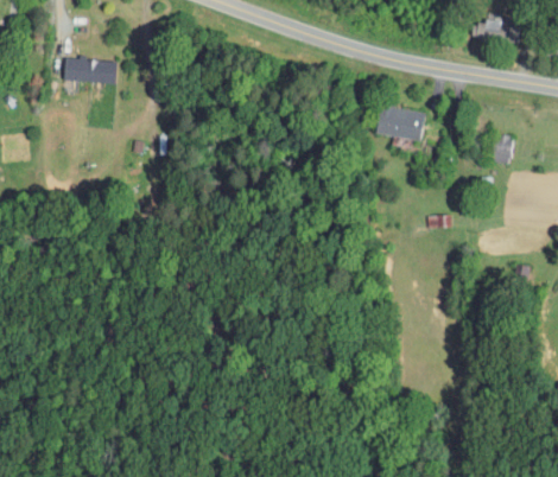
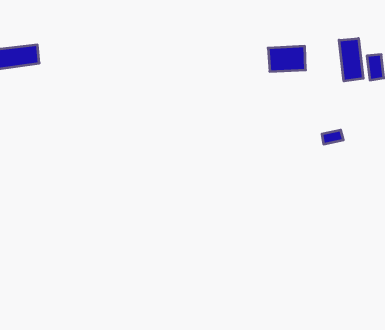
building: none -> [339,38,363,81]

